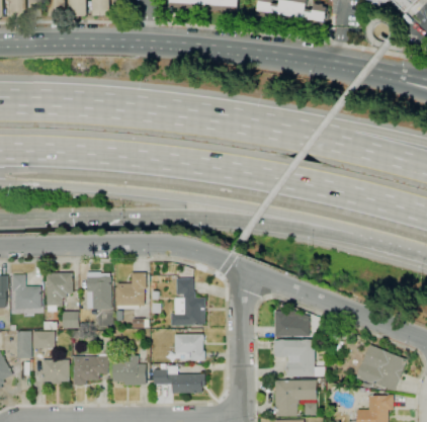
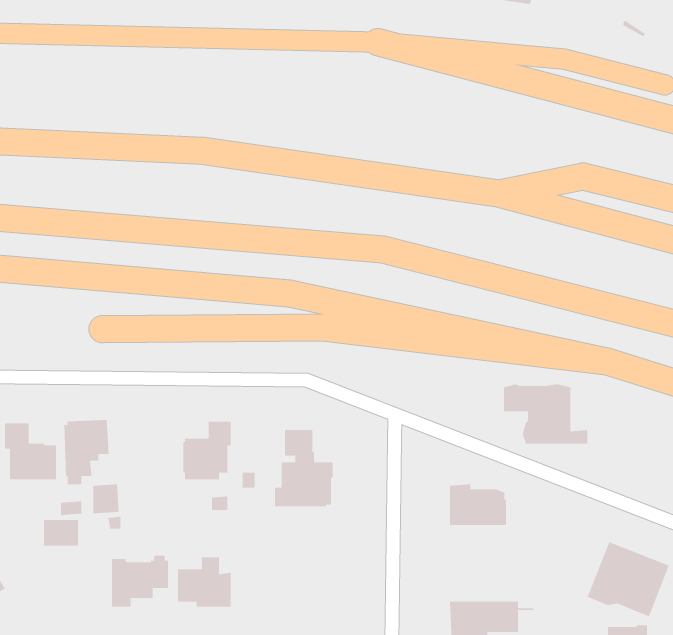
building: [86,271,110,310] -> none
building: [14,331,31,358] -> none
building: [174,334,204,360] -> none
building: [273,339,324,375] -> [503,383,588,444]
building: [42,359,69,384] -> none
building: [153,365,204,393] -> none

